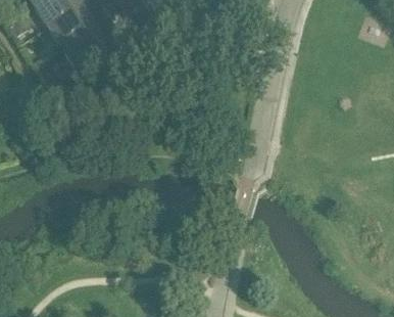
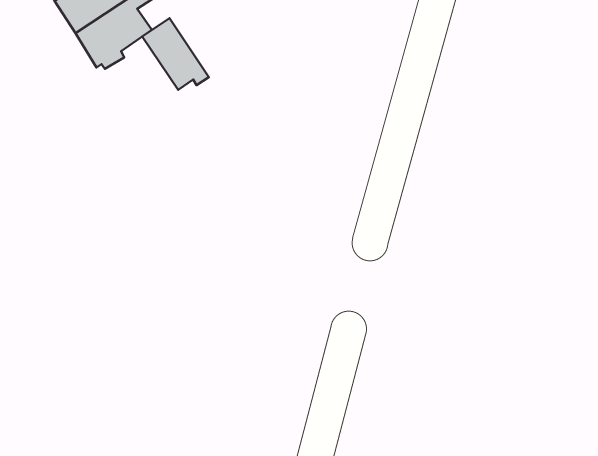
building: none -> [142,18,209,90]

